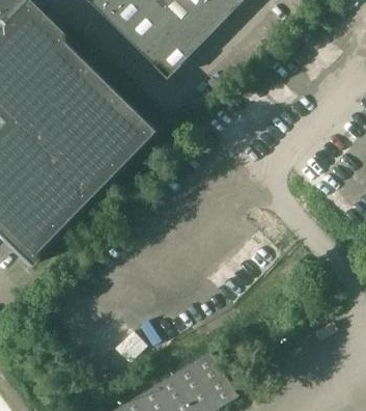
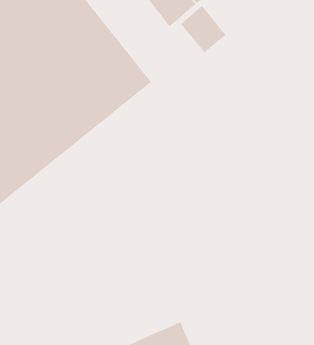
building: none -> [180,5,226,53]

